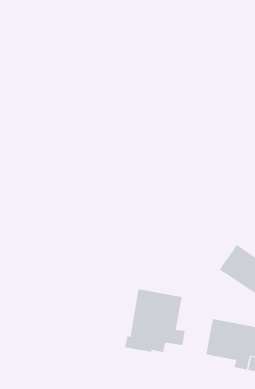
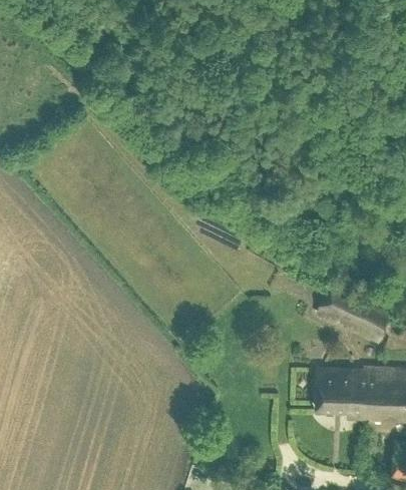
building: [124,289,185,353] -> none

